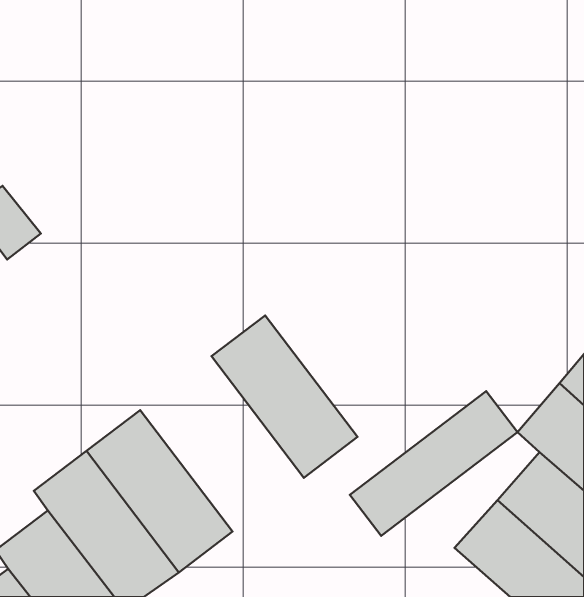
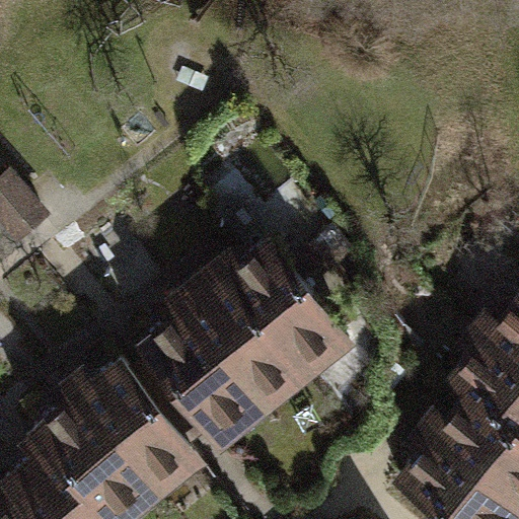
building: none -> [230,239,356,379]
building: none -> [138,309,264,449]
building: [350,391,517,536] -> none

